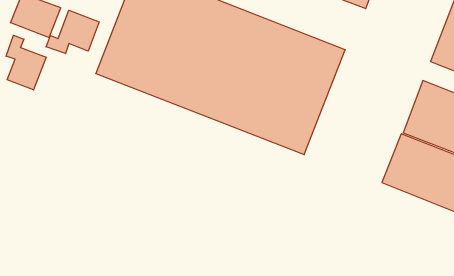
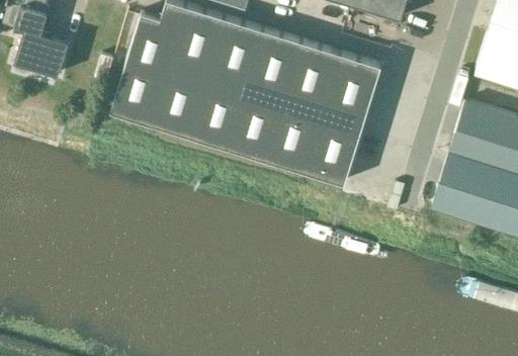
building: [46,10,99,54] -> none
building: [6,35,46,90] -> none

